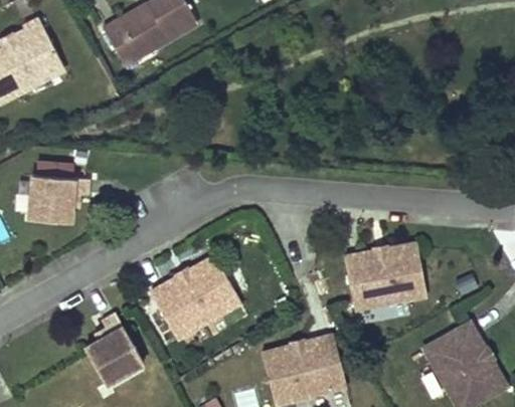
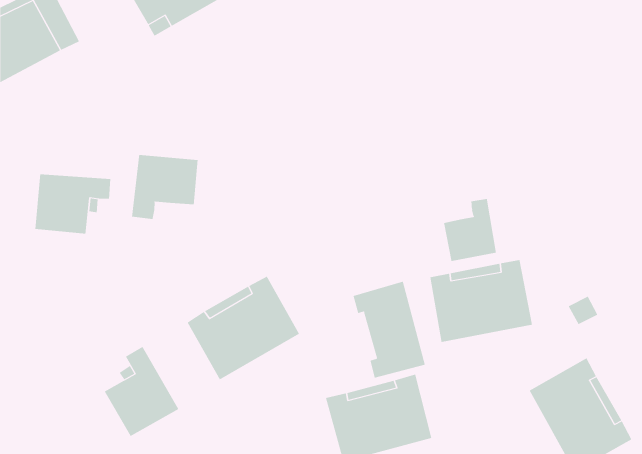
building: none -> [131,154,198,220]
building: none -> [443,198,496,262]
building: none -> [353,281,425,379]

